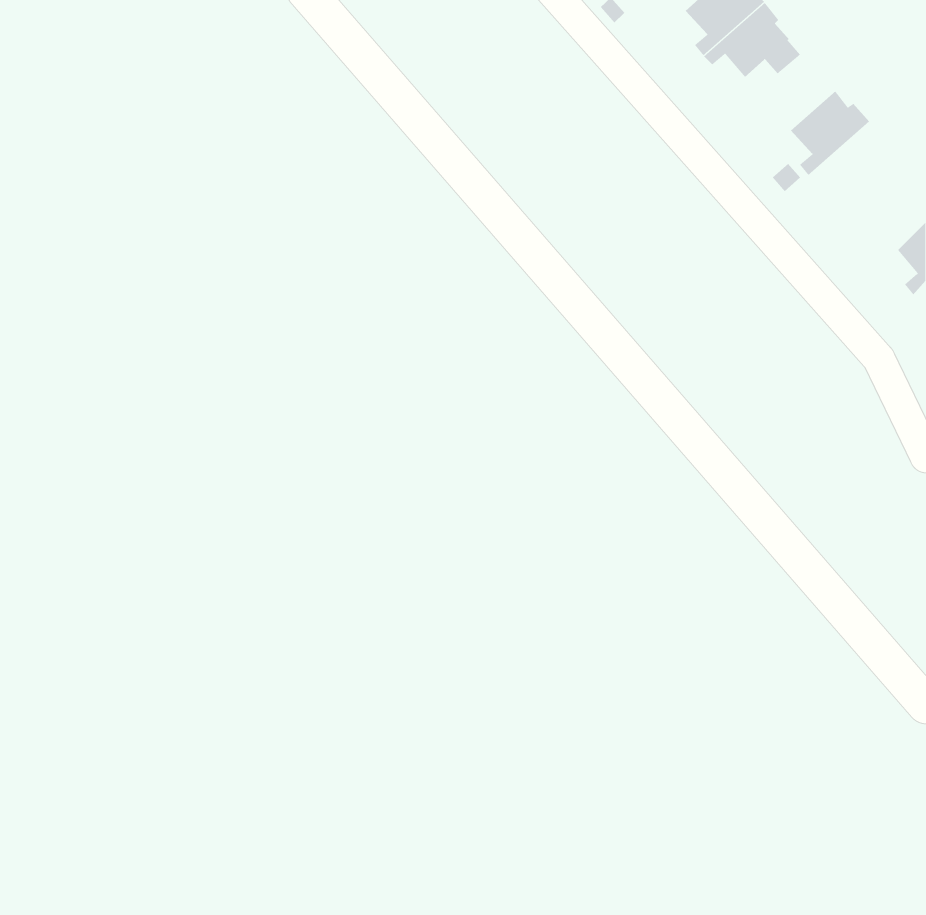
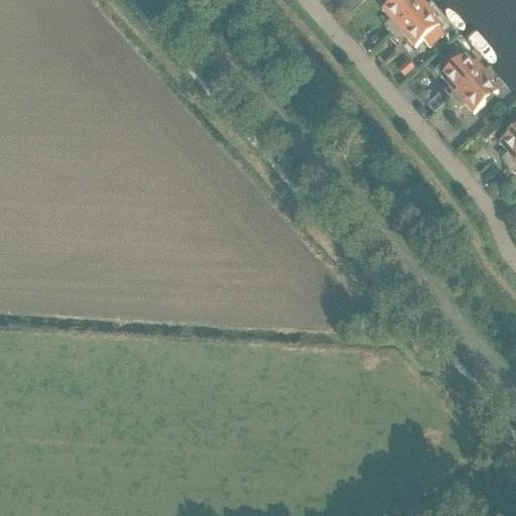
building: none -> [449,68,498,110]

